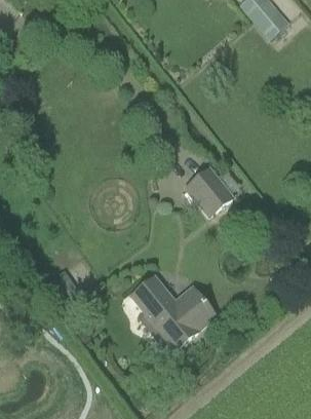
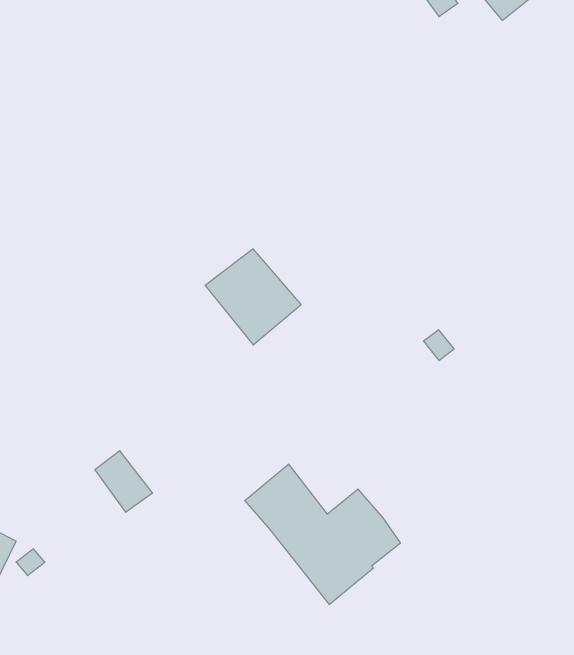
building: [184,166,235,218] -> [205,249,301,345]

